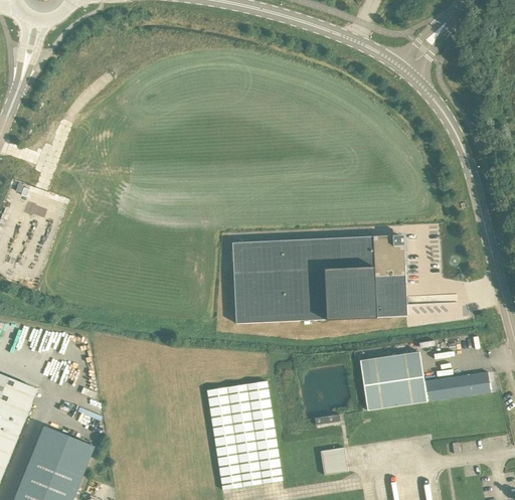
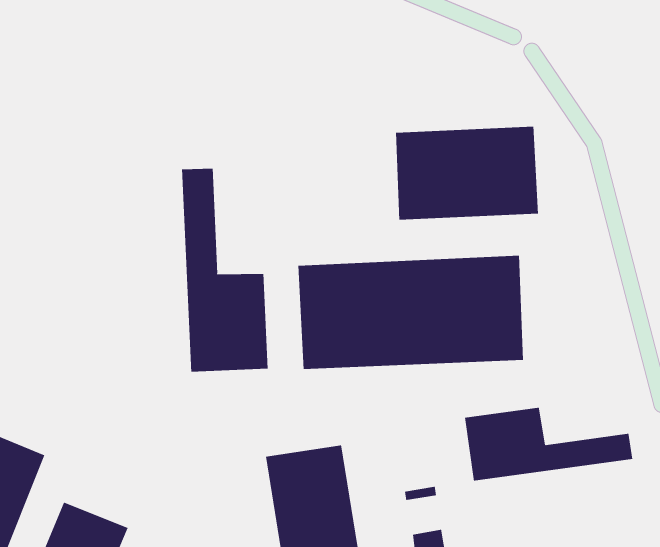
building: none -> [395,126,539,221]
building: none -> [181,168,268,372]

